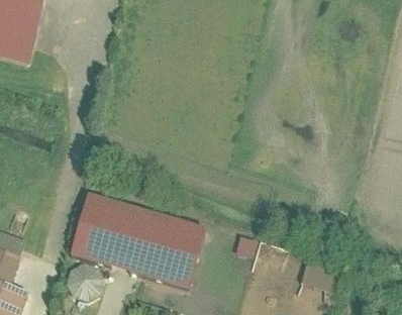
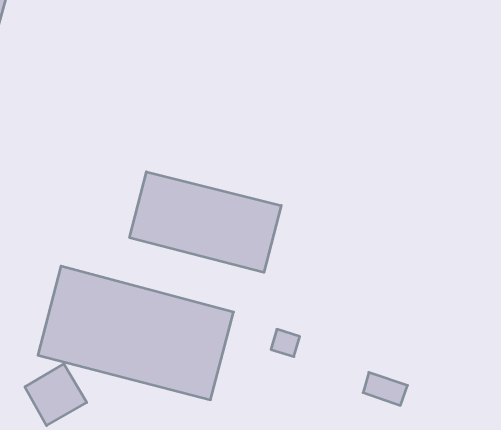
building: none -> [130,172,281,272]

